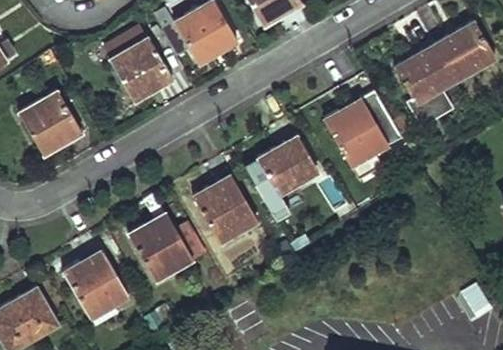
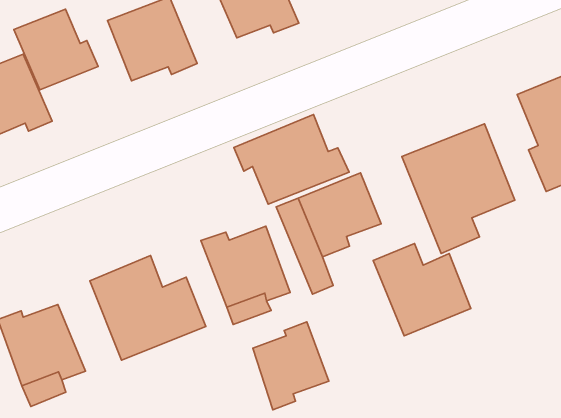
building: none -> [14,9,98,90]
building: none -> [234,115,349,204]
building: none -> [373,244,471,336]
building: none -> [253,322,329,410]

